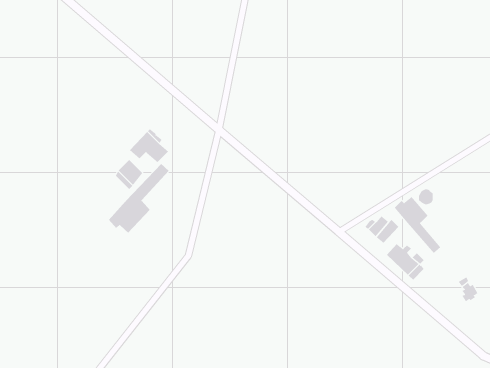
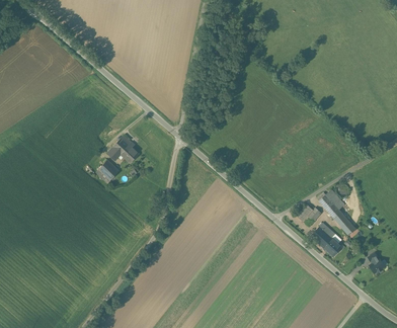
building: [108,163,170,233] -> none

